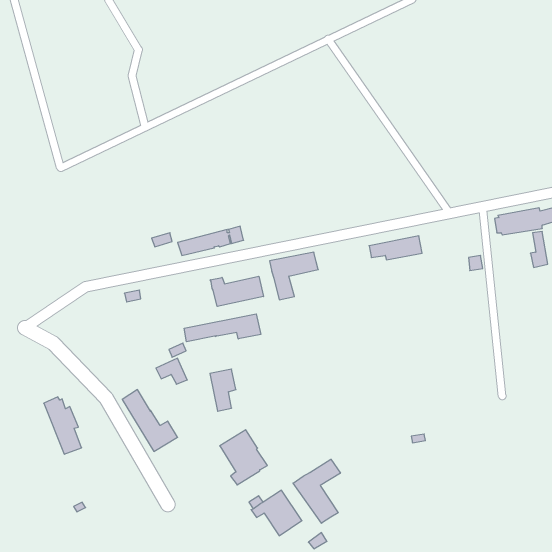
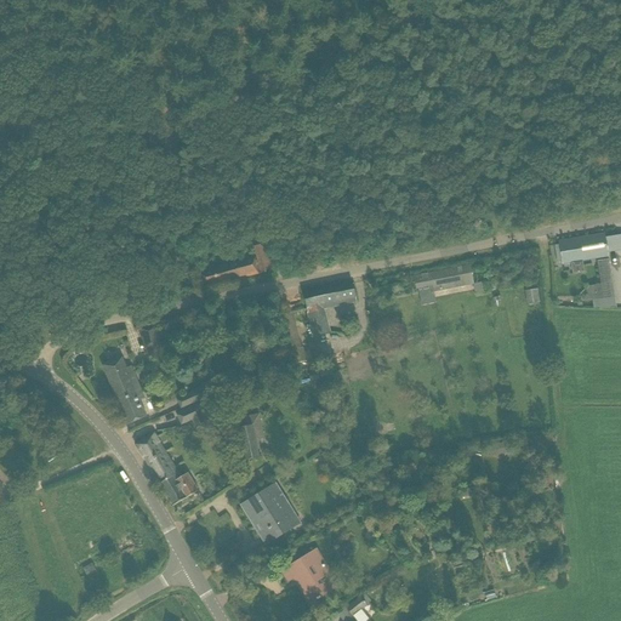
building: [210,276,263,306] -> none
building: [184,314,261,342] -> none
building: [44,397,82,454] -> [104,359,147,423]
building: [293,459,340,523] -> none

